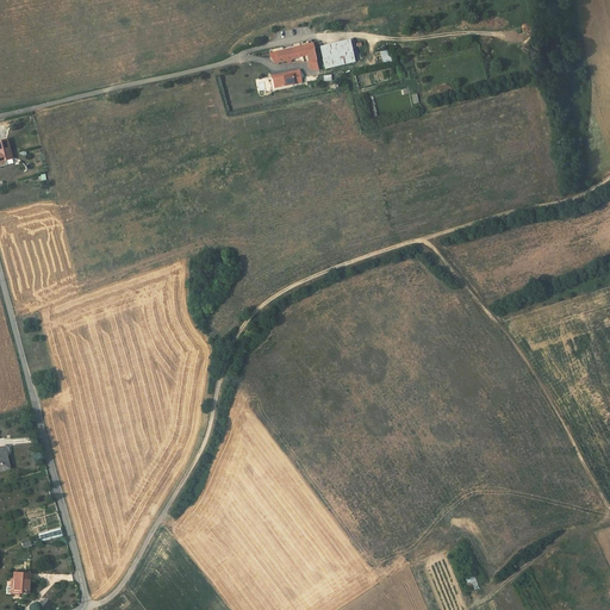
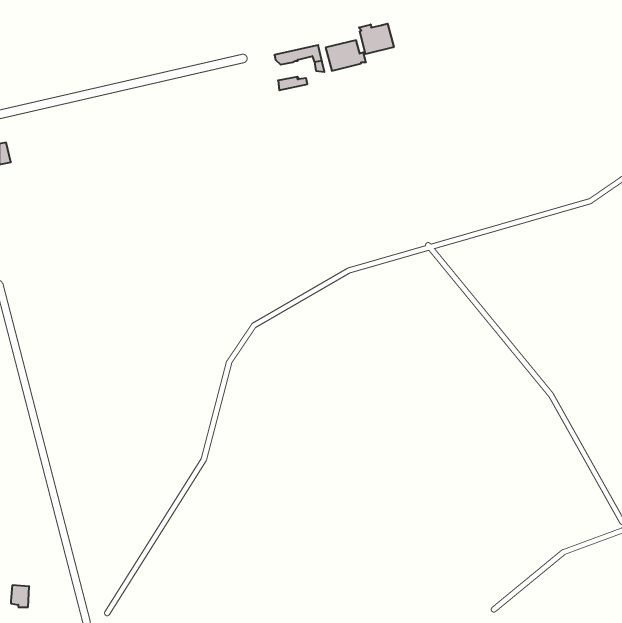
building: none -> [359,24,394,54]

